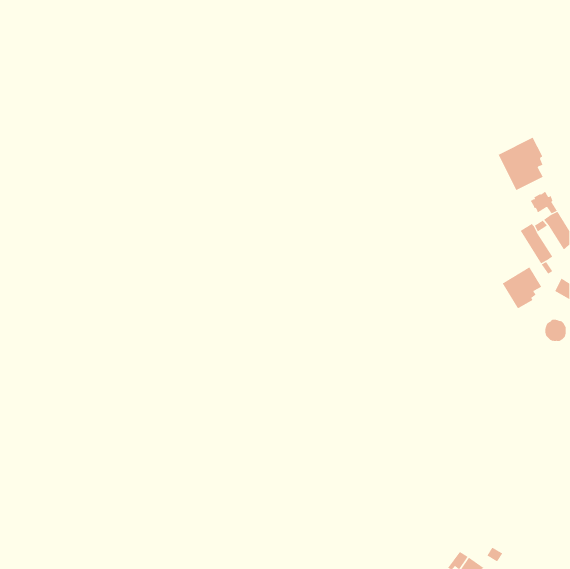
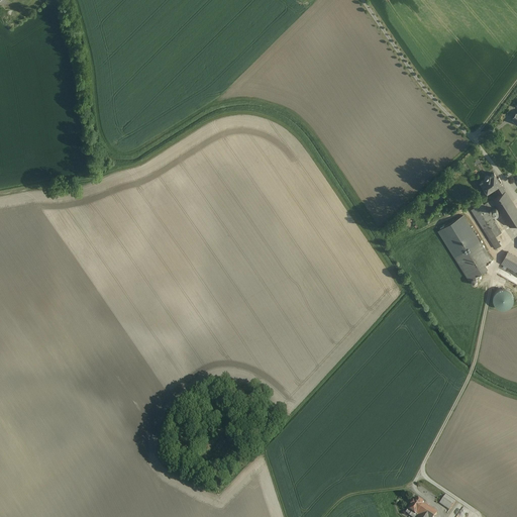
building: [498,137,544,191] -> none
building: none -> [438,216,480,257]

